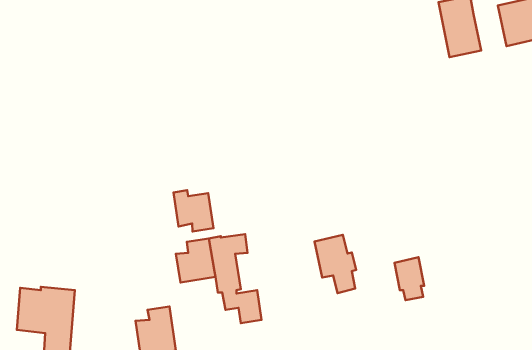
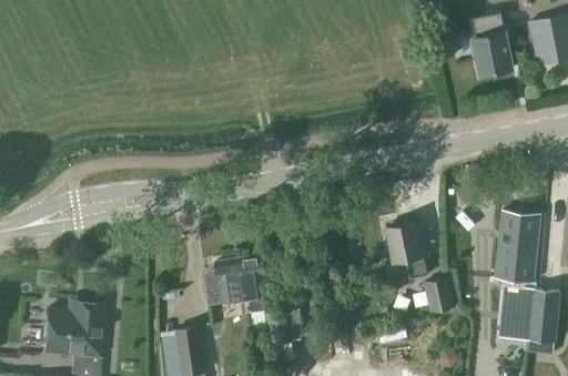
building: none -> [497,210,541,282]
building: [173,190,214,231] -> none
building: [314,235,356,293] -> [388,221,430,280]
building: none -> [500,286,560,342]

